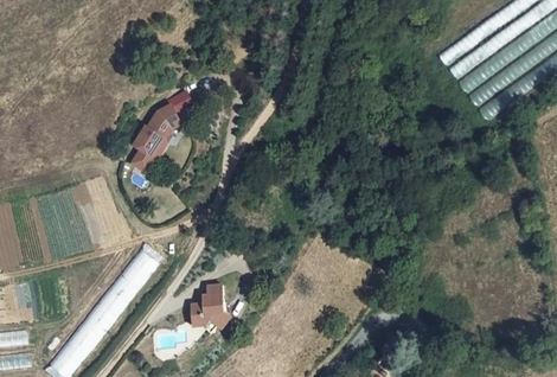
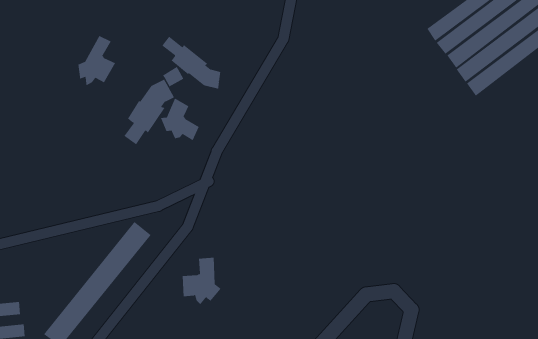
building: none -> [78,35,116,86]
building: none -> [161,36,221,90]
building: none -> [160,98,199,141]

